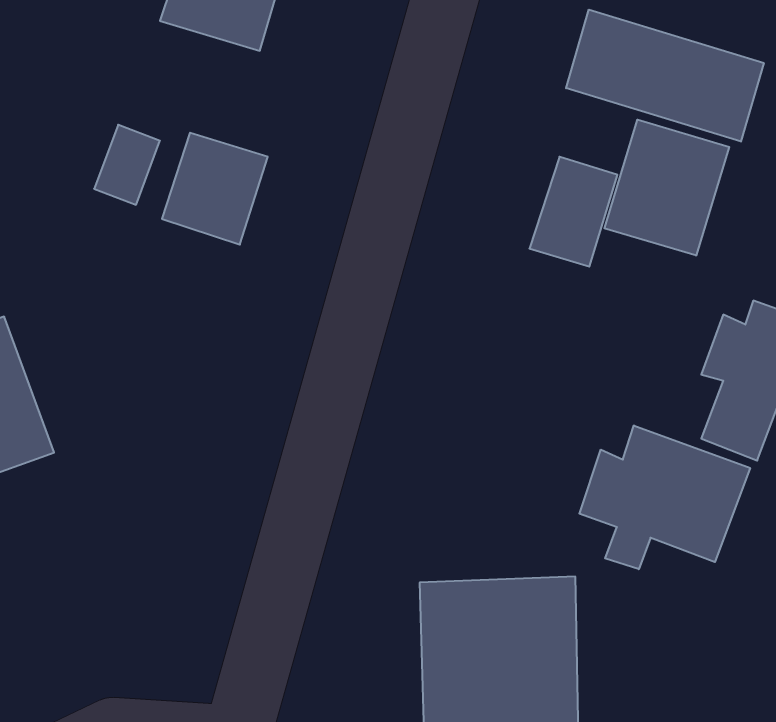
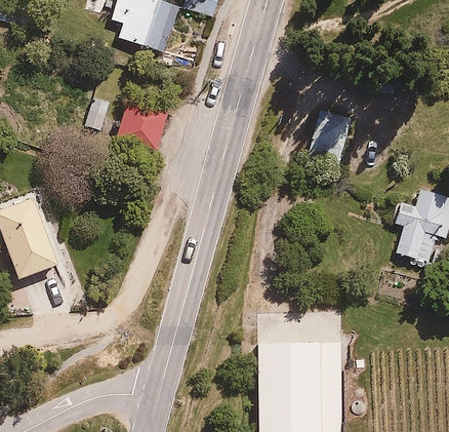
building: [566,10,764,142] -> none
building: [604,120,729,256] -> none
building: [579,425,750,569] -> none

